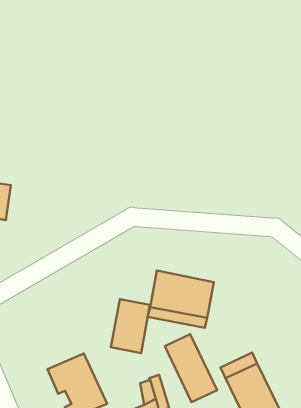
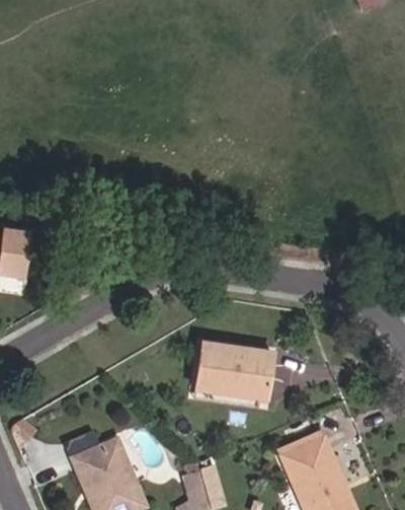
building: [111,299,150,353] -> none
building: [165,334,217,402] -> none

